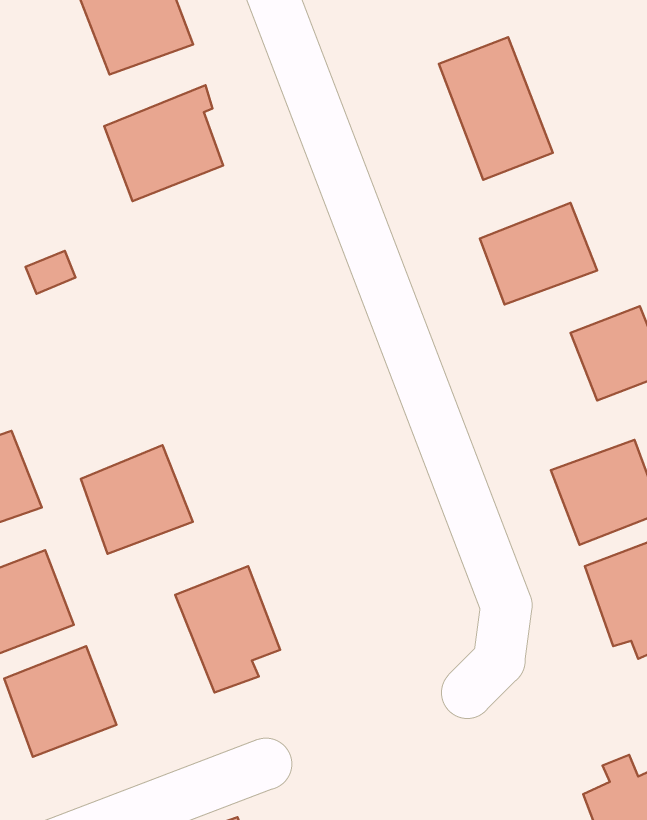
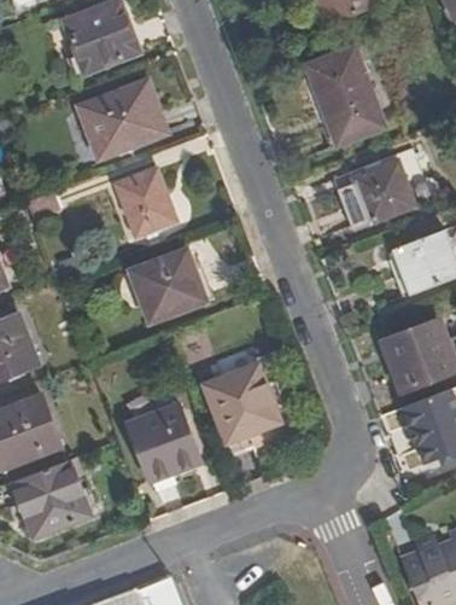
building: none -> [116,169,175,234]
building: [81,445,193,554] -> [130,248,206,321]
building: none -> [204,366,279,452]

